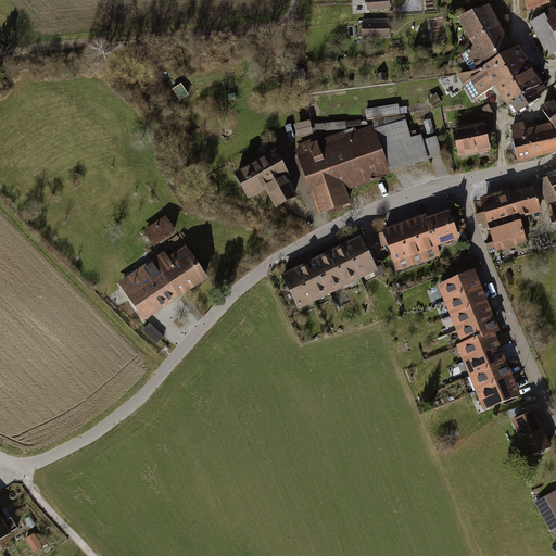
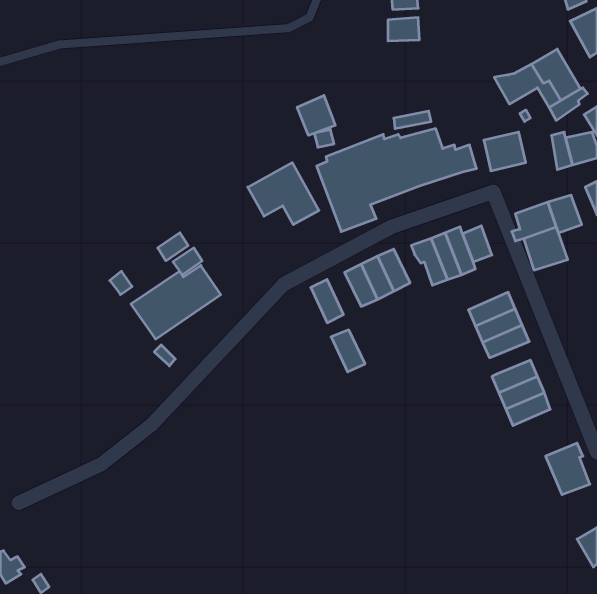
building: [462,5,513,70] -> none
building: none -> [297,95,335,135]
building: [304,253,336,292] -> [331,330,365,372]
building: [455,317,498,348] -> none
building: [477,380,518,410] -> none

